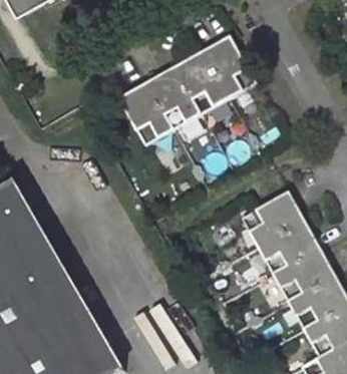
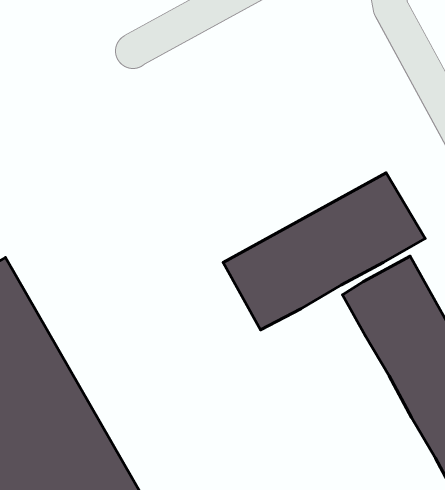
building: [121,36,257,141] -> [223,173,425,330]

